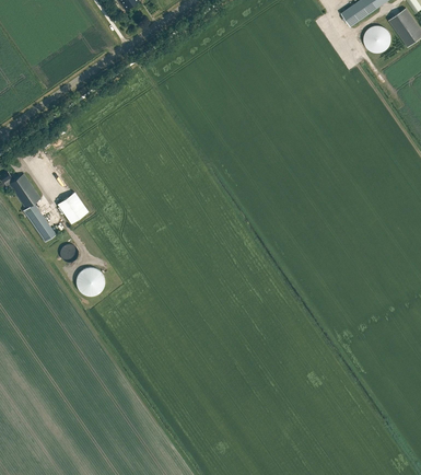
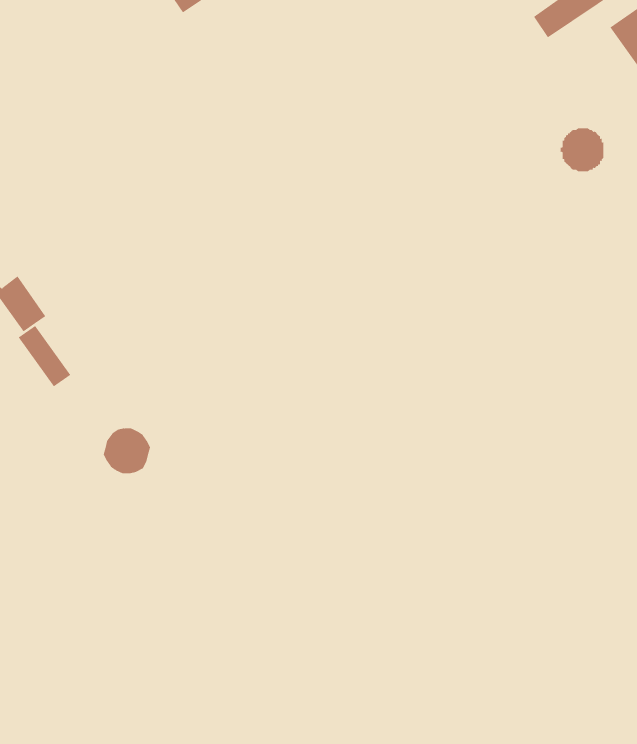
building: [363,25,390,53] -> [560,128,604,172]
building: [57,192,89,223] -> none

